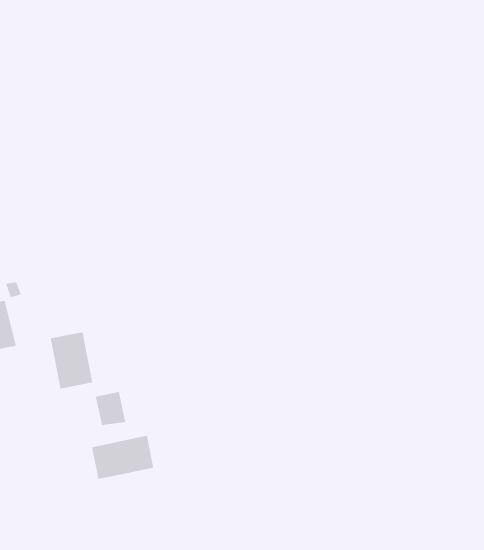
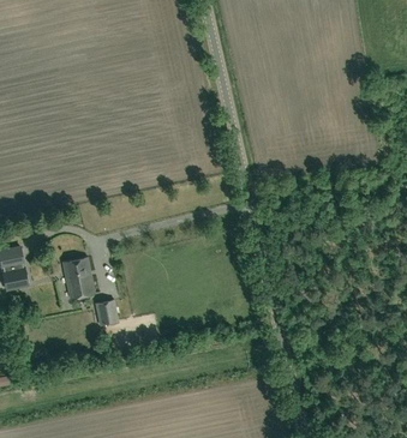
building: [91,435,154,480] -> none

